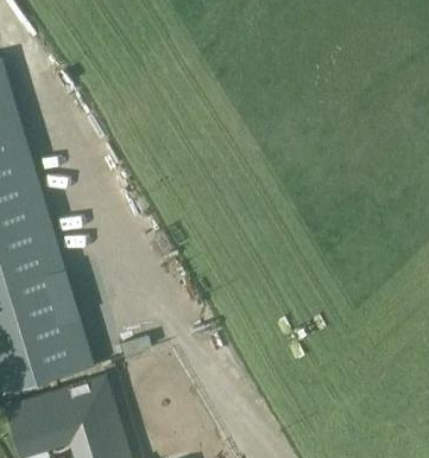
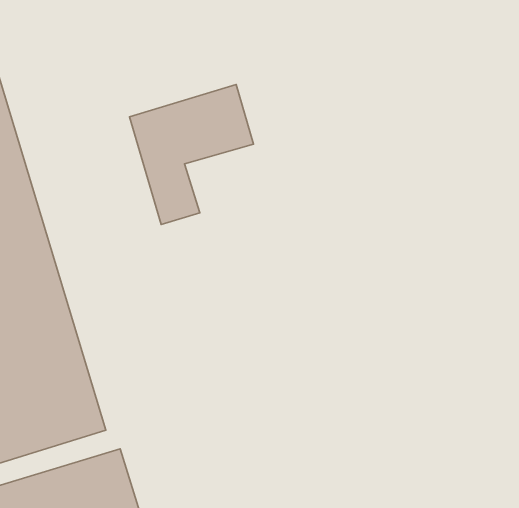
building: none -> [130,84,253,224]

